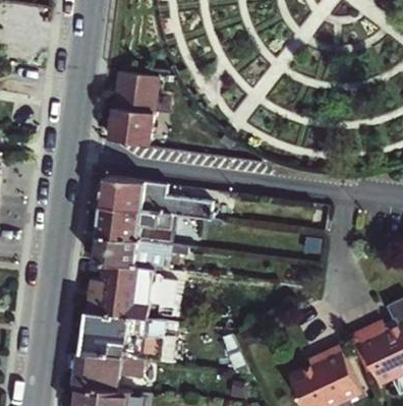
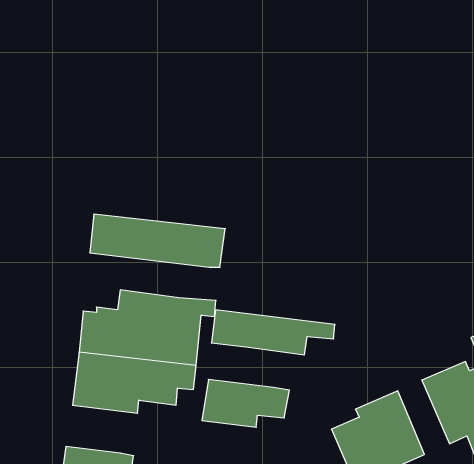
building: [111,74,156,148] -> none
building: [101,178,213,219] -> none
building: [95,236,189,271] -> [211,310,335,355]
building: [79,353,147,390] -> [202,379,289,427]

